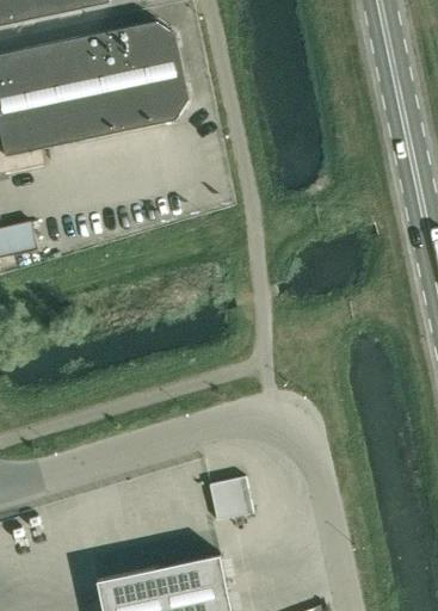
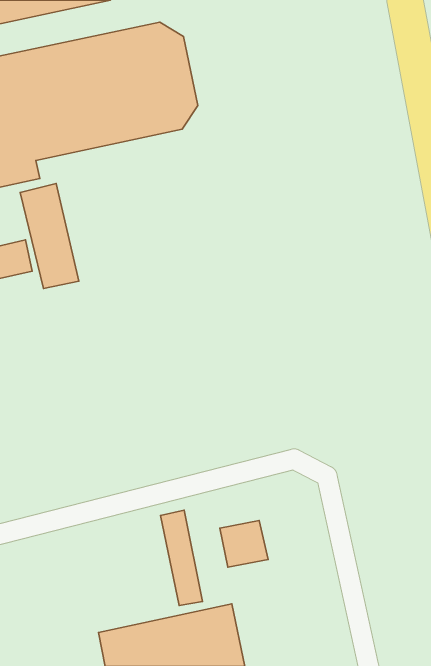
building: none -> [20,183,79,288]
building: none -> [161,510,202,605]

